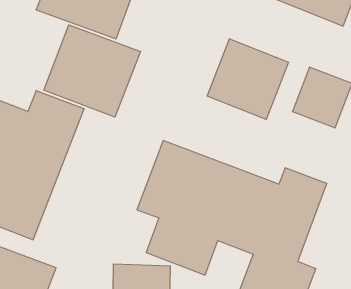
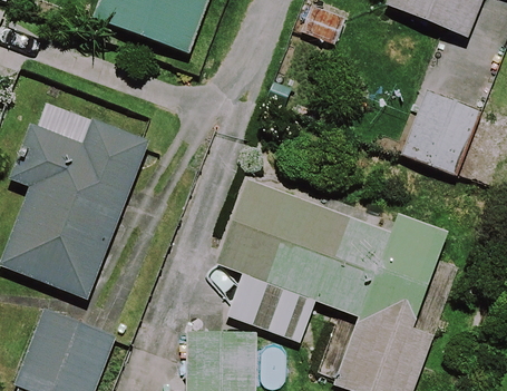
building: [44,25,140,117] -> none
building: [207,39,289,120] -> none

